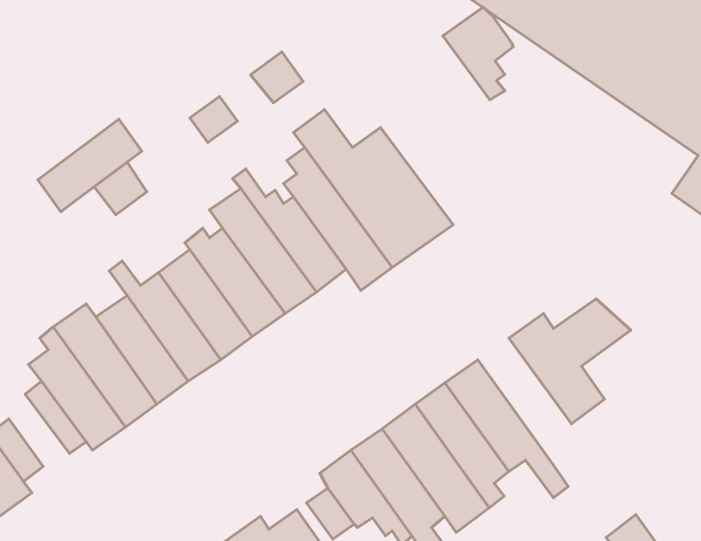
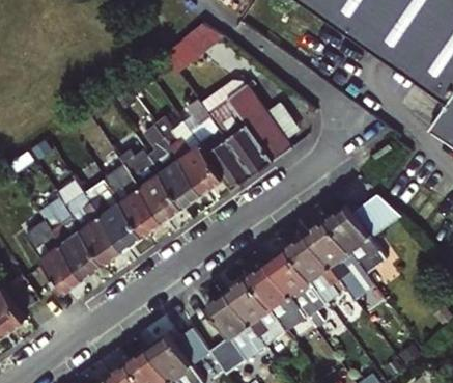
building: [443,7,513,100] -> none
building: [38,119,142,212] -> none
building: none -> [310,218,377,298]

